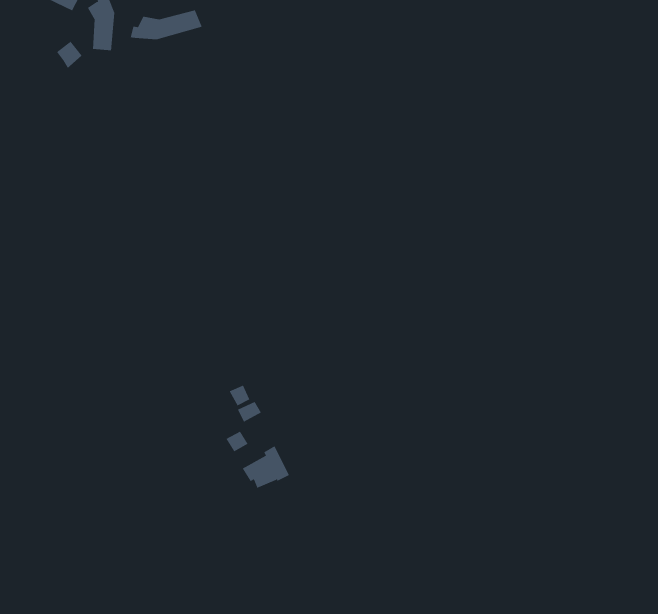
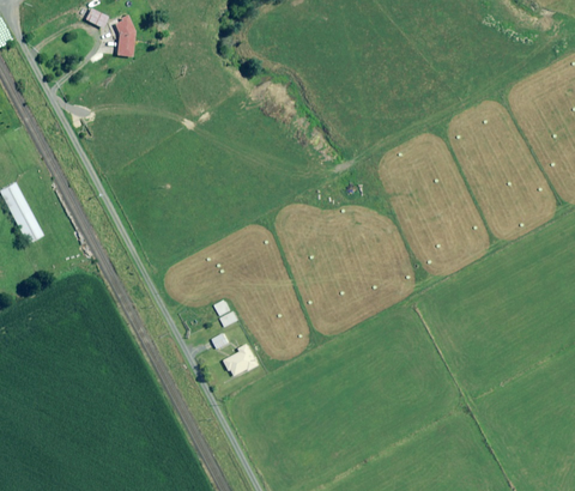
building: [130,9,202,40] -> none

